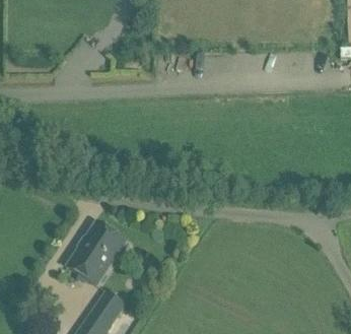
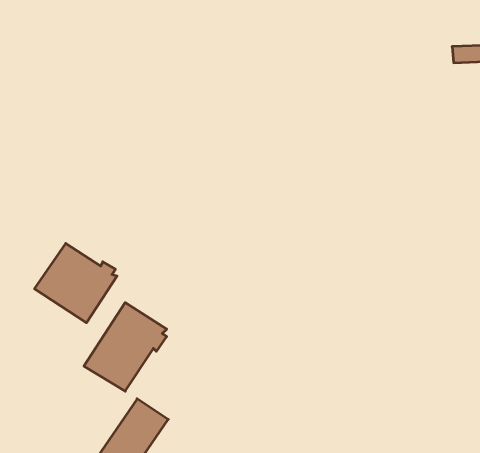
building: none -> [35,243,117,323]

